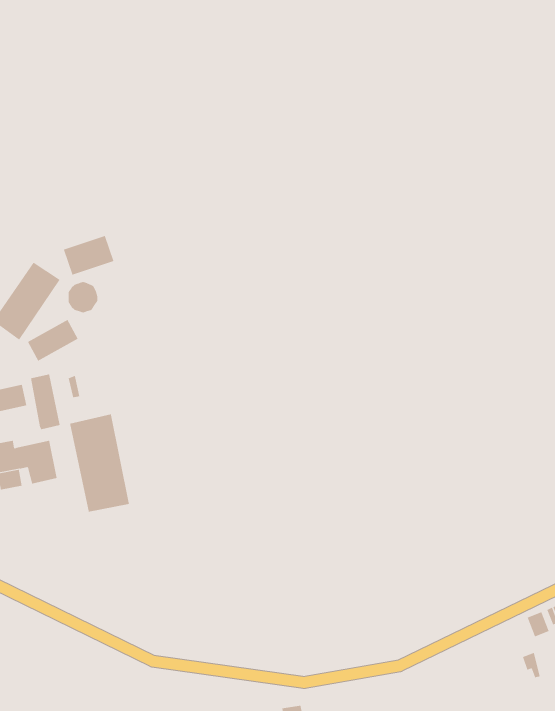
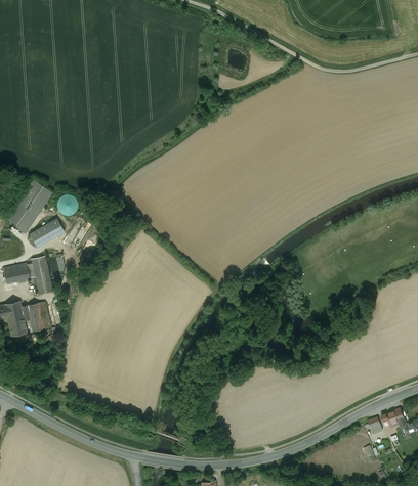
building: [63,235,114,275] -> none
building: [69,414,129,512] -> none

